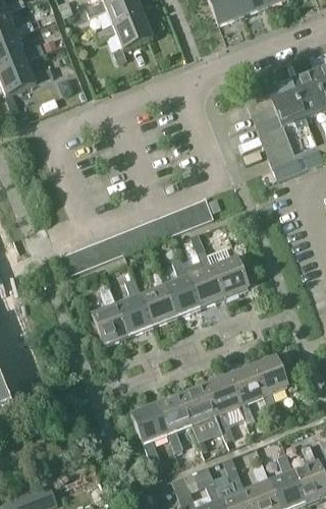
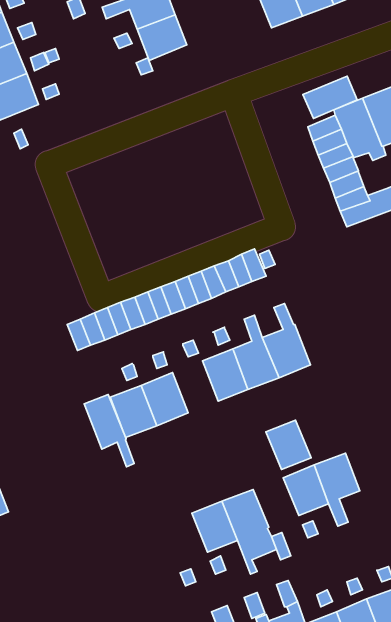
building: none -> [303,76,357,119]
building: [141,284,176,325] -> none
building: none -> [84,395,134,467]
building: [204,376,239,414] -> [266,420,311,470]
building: [131,403,168,444] -> none

